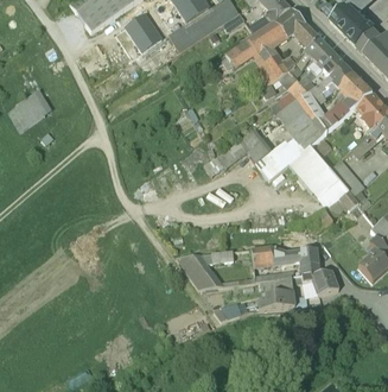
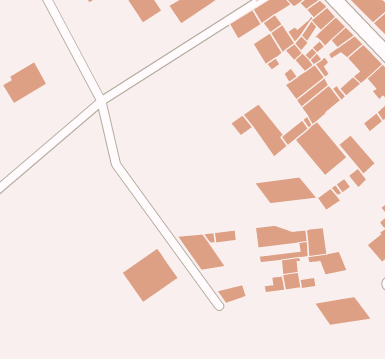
building: none -> [255,177,317,204]
building: none -> [122,248,178,303]
building: none -> [315,297,371,326]

